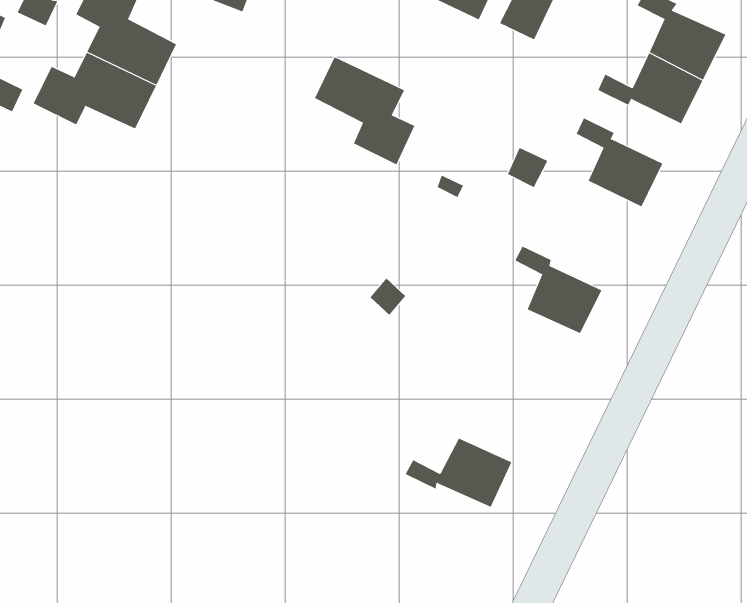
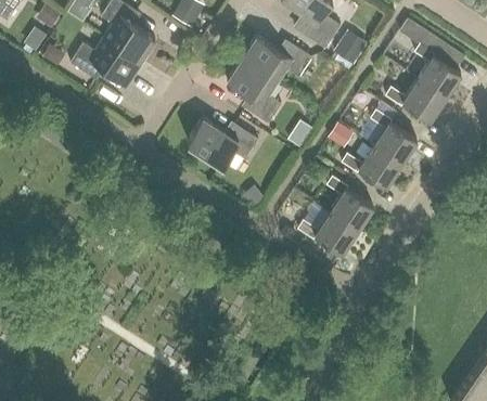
building: none -> [241,36,311,82]
building: none -> [187,118,257,169]
building: none -> [342,146,401,187]
building: [405,438,512,508] -> [297,214,358,255]

